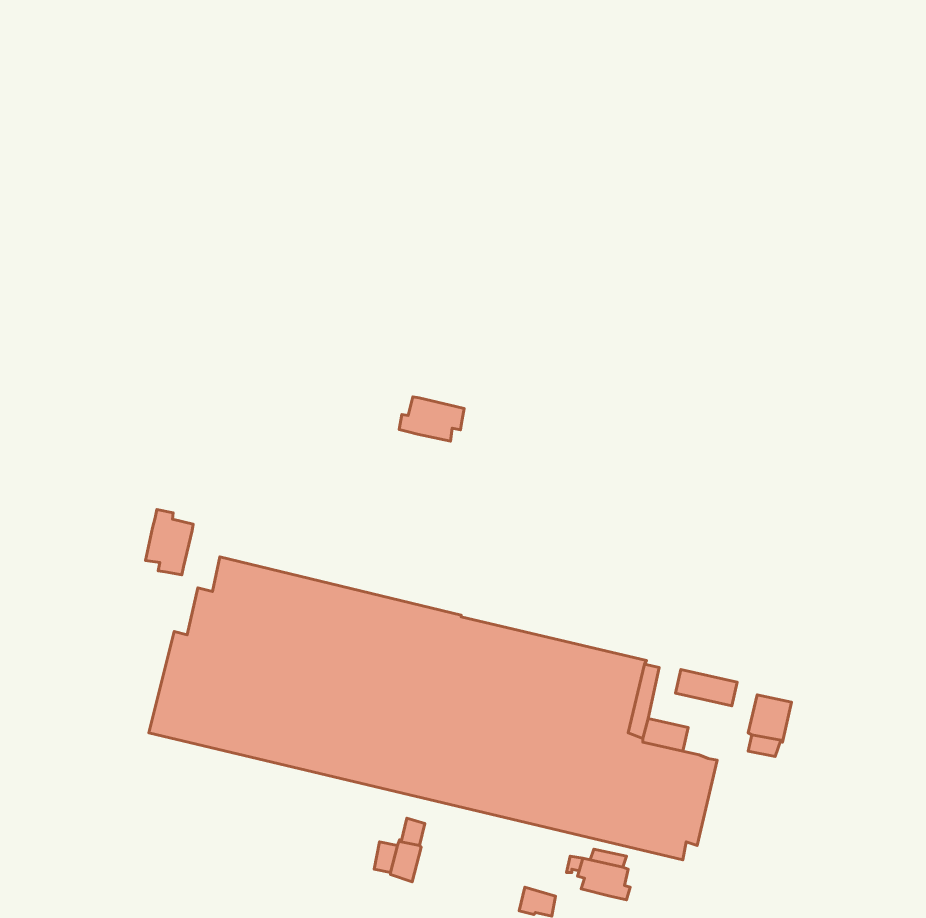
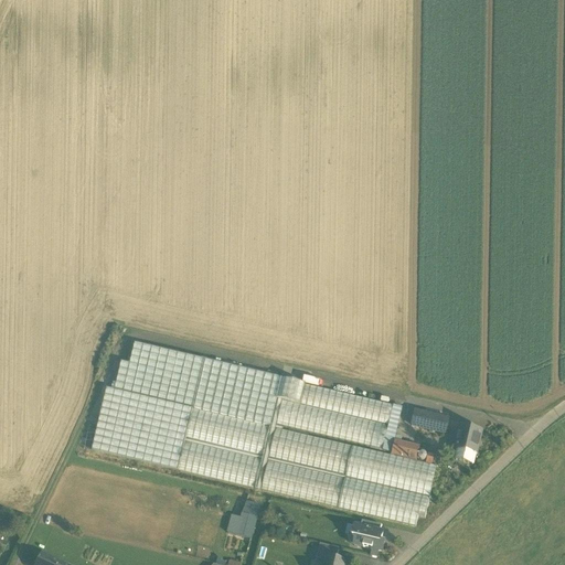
building: [399,397,464,441] -> none
building: [146,510,193,575] -> none

